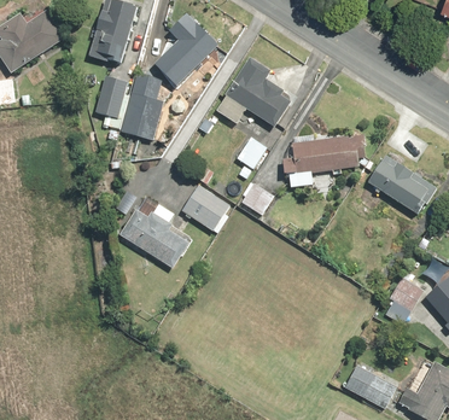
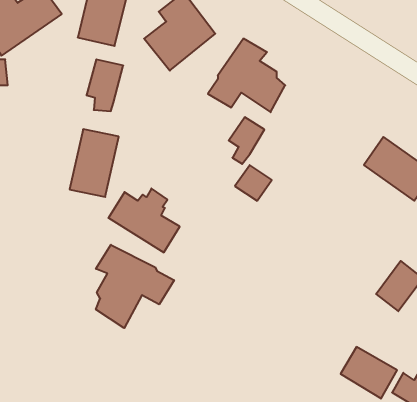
building: [121,74,169,140] -> [70,129,119,197]
building: [280,129,367,187] -> none
building: [180,185,231,233] -> none
building: none -> [96,245,174,328]

